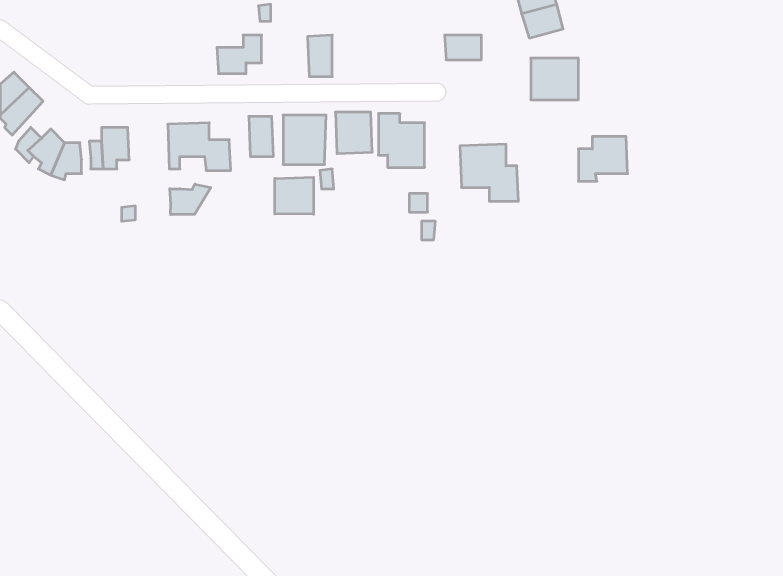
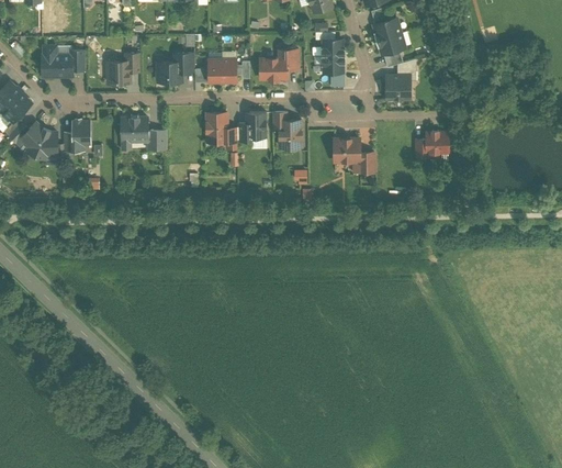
building: none -> [319,37,346,55]
building: none -> [43,46,83,79]
building: none -> [259,49,296,81]
building: none -> [106,54,139,85]
building: [249,116,273,156] -> [205,56,223,85]
building: [275,177,314,214] -> none
building: [170,184,211,215] -> none

